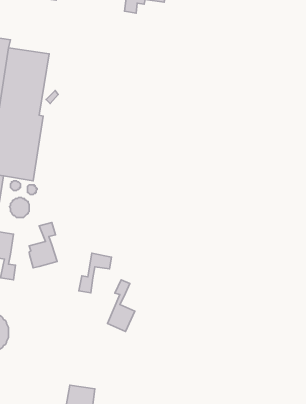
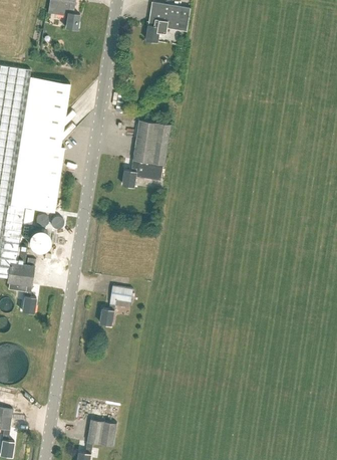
building: none -> [121,121,171,187]
building: [29,222,57,268] -> none
building: [107,280,135,331] -> none

